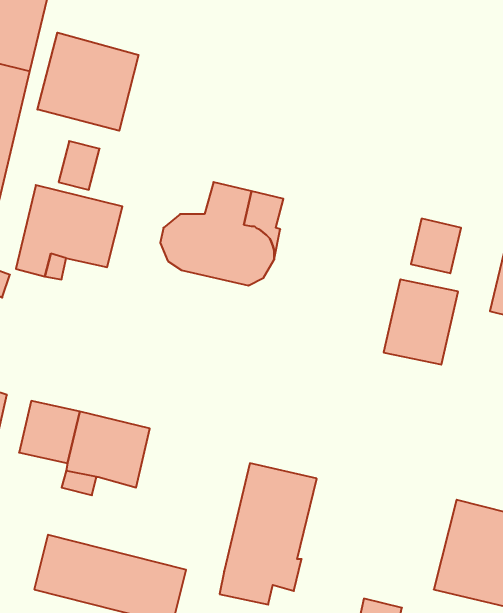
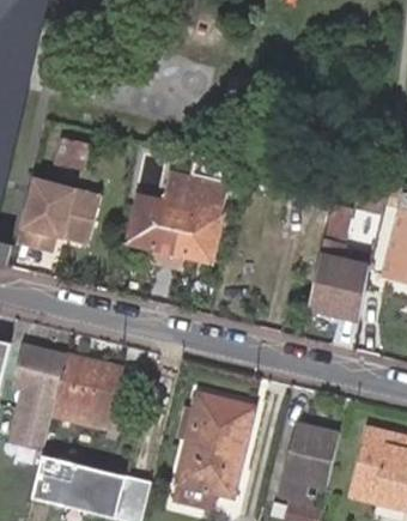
building: [37,33,139,131] -> none
building: none -> [8,390,44,446]
building: none -> [281,423,338,502]

